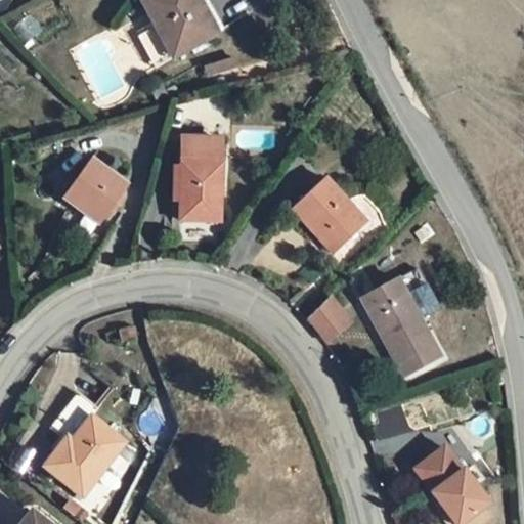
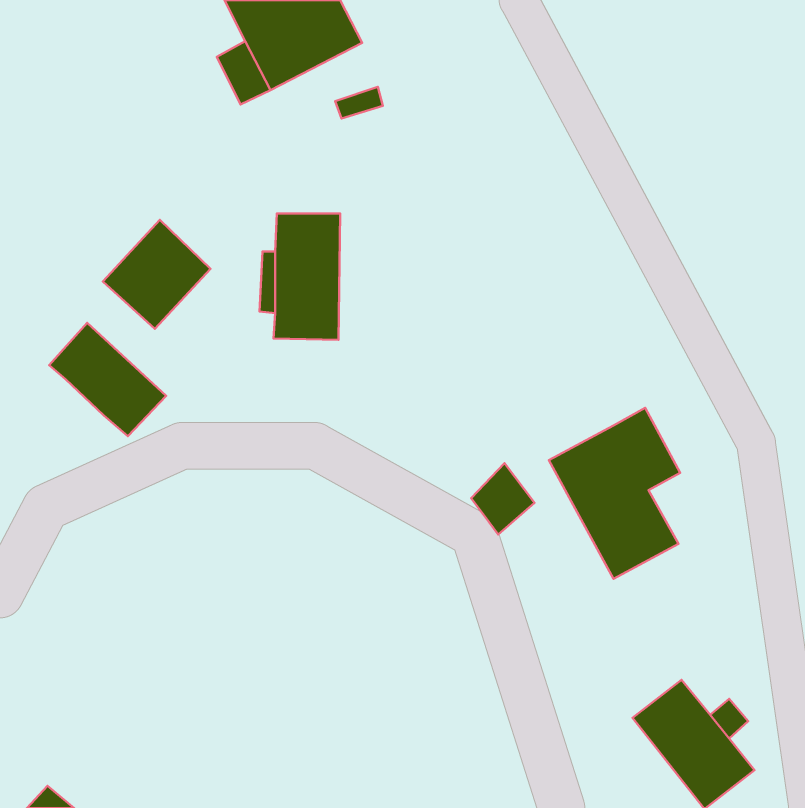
building: [290,177,368,256] -> none
building: none -> [49,323,166,436]
building: [42,386,126,495] -> none

